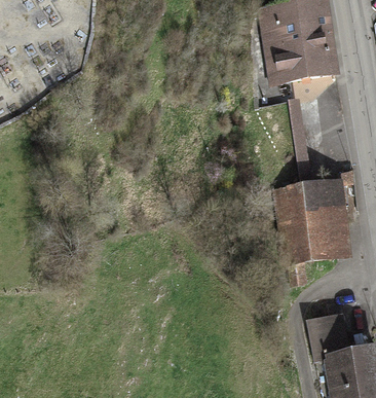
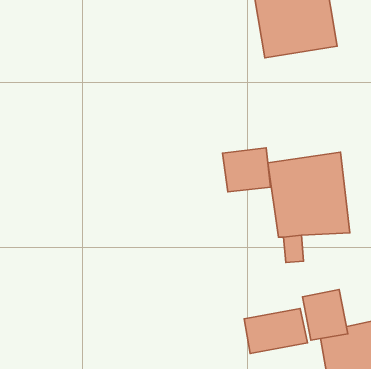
building: none -> [223,148,271,192]
building: none -> [244,308,308,354]

